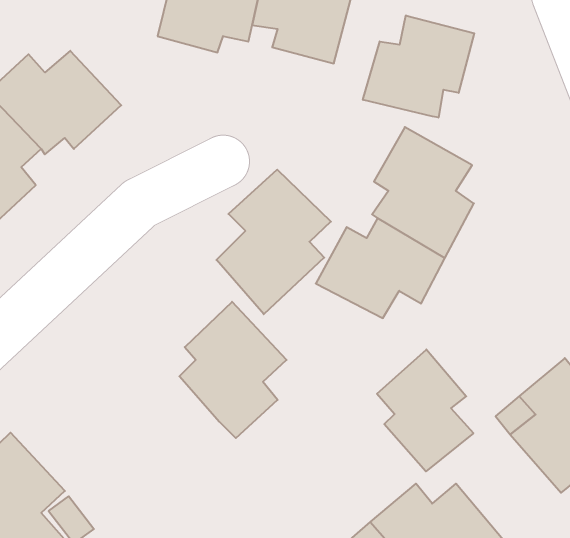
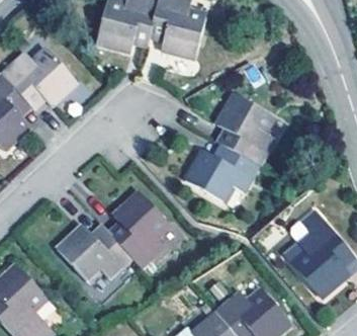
building: [363,15,474,118] -> none
building: [216,170,331,314] -> none
building: [377,349,473,471] -> none
building: none -> [57,225,131,280]

